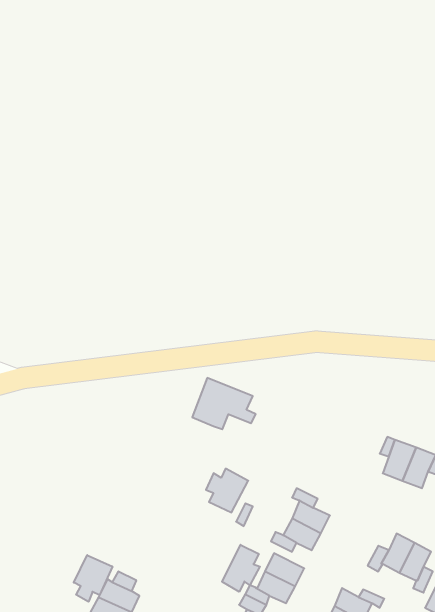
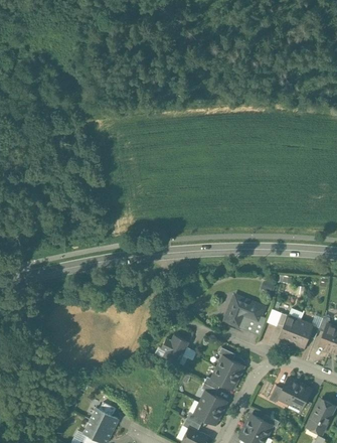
building: [192,378,256,429] -> [223,296,266,330]
building: [222,545,260,592] -> none
building: [74,555,112,602] -> none

